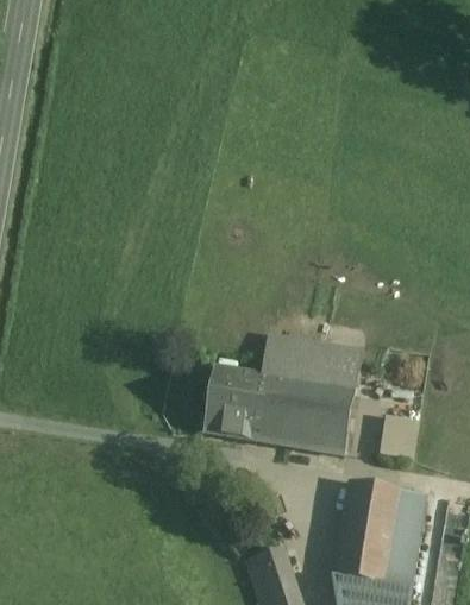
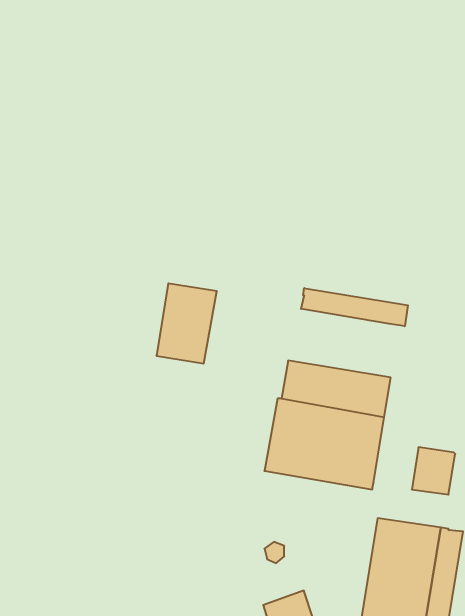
building: none -> [301,288,408,326]
building: [203,365,258,437] -> [156,283,217,364]

